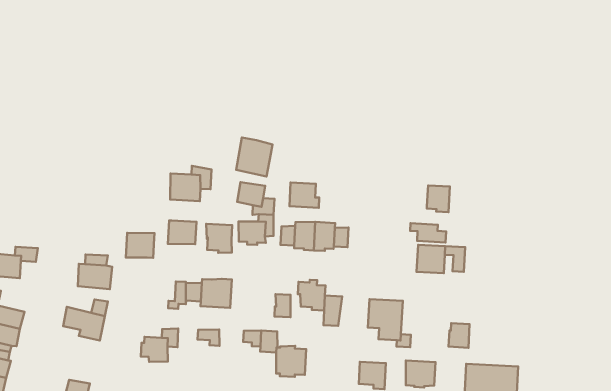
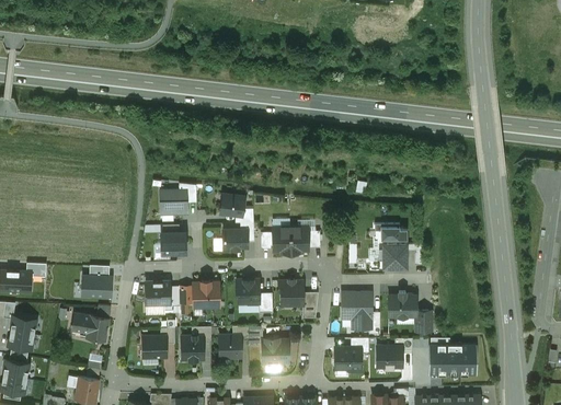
building: [236,138,272,177] -> none
building: [289,183,319,208] -> none
building: [427,185,450,212] -> none
building: [206,224,232,253] -> [234,279,259,304]
building: [126,233,154,258] -> [145,281,169,304]
building: none -> [388,291,414,316]
building: none -> [180,336,203,360]
building: none -> [218,336,240,357]

